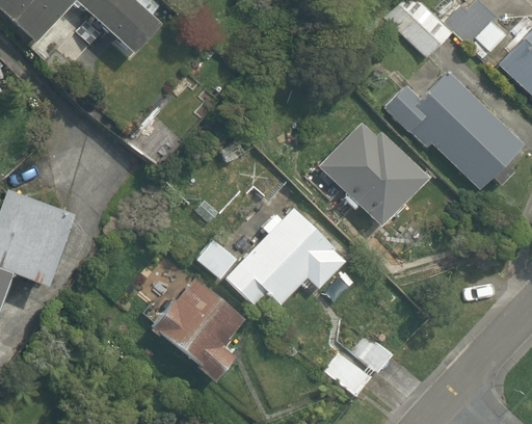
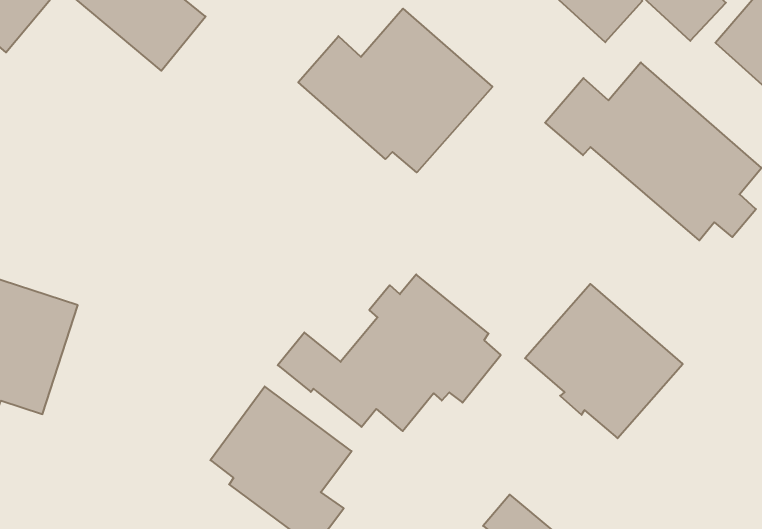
building: none -> [298,9,492,172]
building: [320,123,424,226] -> [525,284,683,438]

